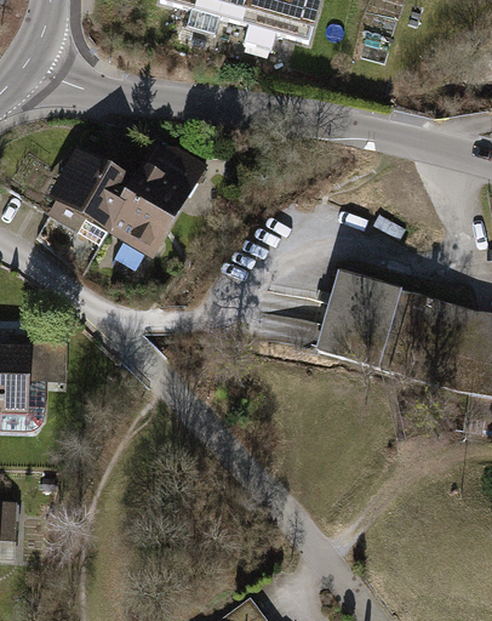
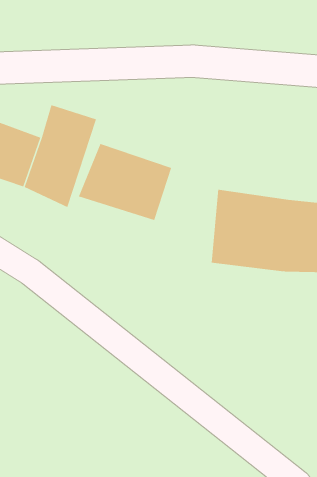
building: none -> [78,143,172,221]

